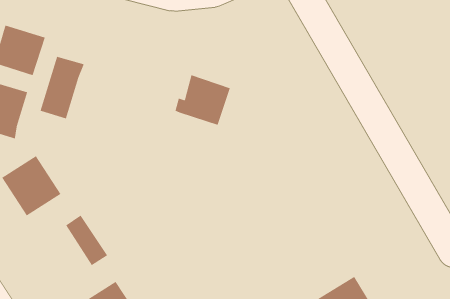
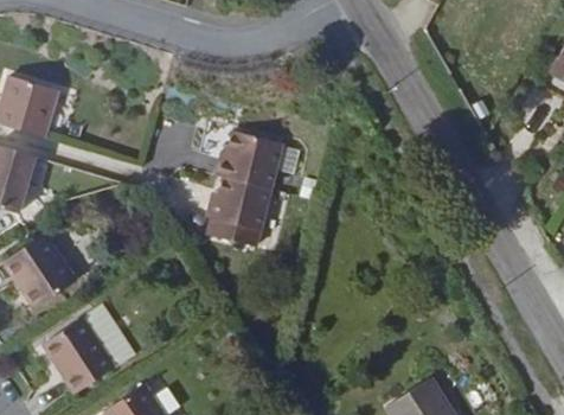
building: [39,56,85,120] -> none
building: none -> [204,180,269,253]
building: none -> [36,317,115,392]

